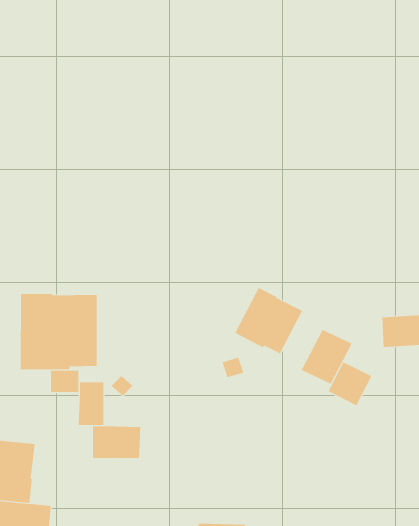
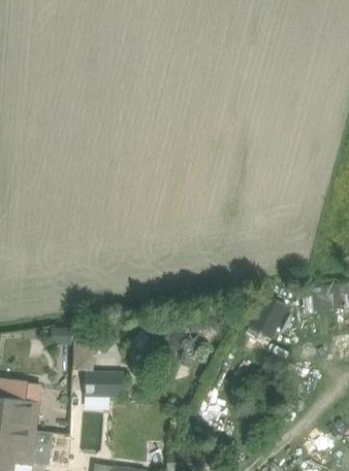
building: [234,287,303,354] -> none
building: [20,293,97,370] -> none
building: [328,361,372,406] -> none

